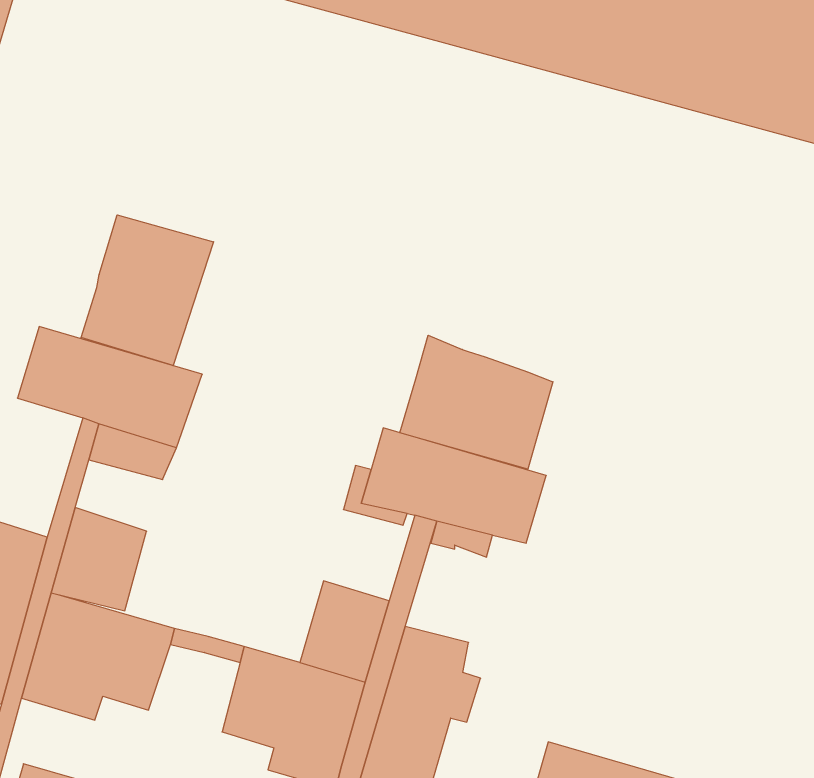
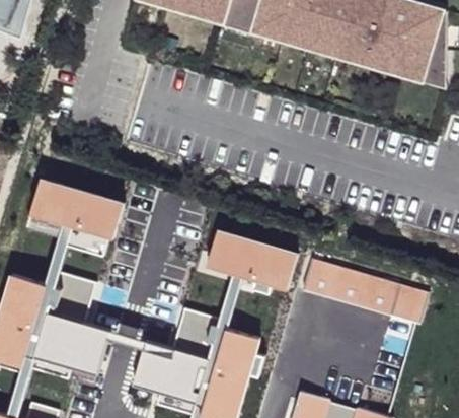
building: [81,215,214,366] -> none
building: [400,335,553,469] -> none
building: none -> [301,257,431,324]

